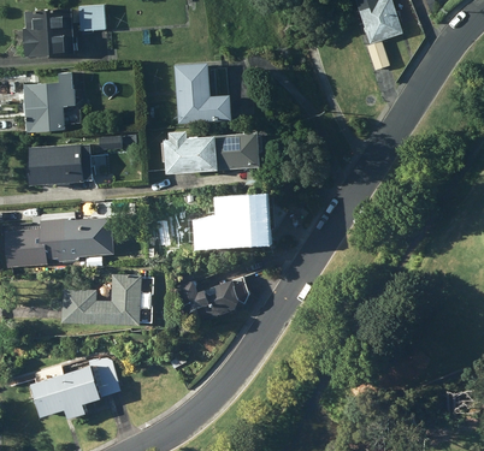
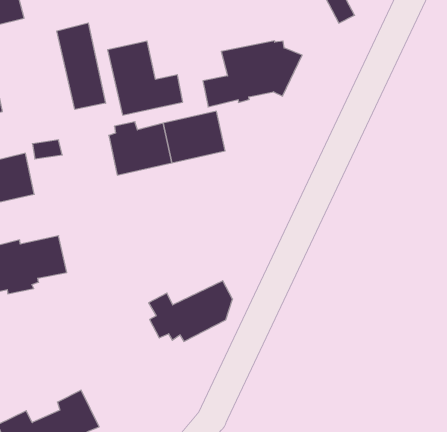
building: none -> [57,23,106,109]
building: [200,197,288,245] -> [203,41,302,107]
building: [61,274,153,326] -> none

